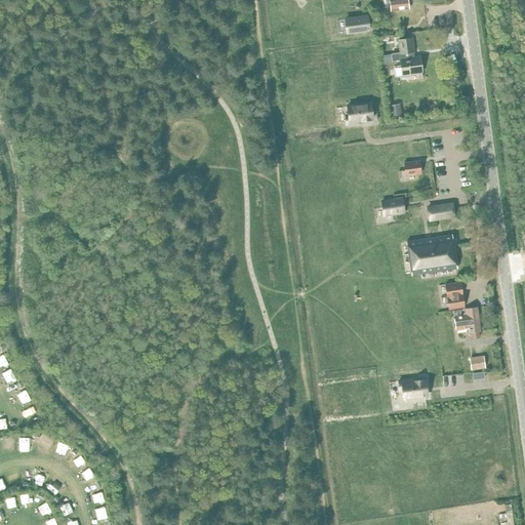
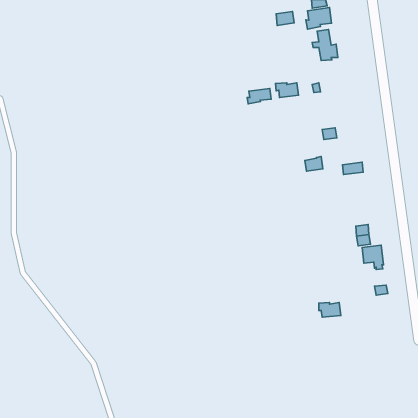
building: none -> [306,8,332,29]
building: none -> [247,88,271,104]
building: [407,234,457,274] -> none

